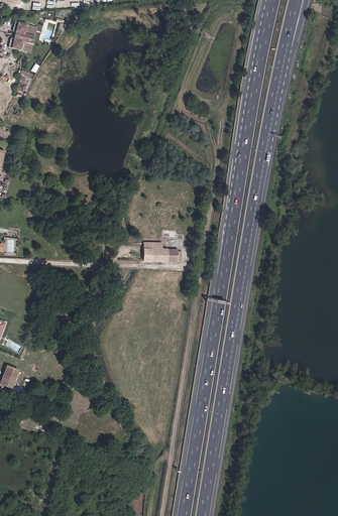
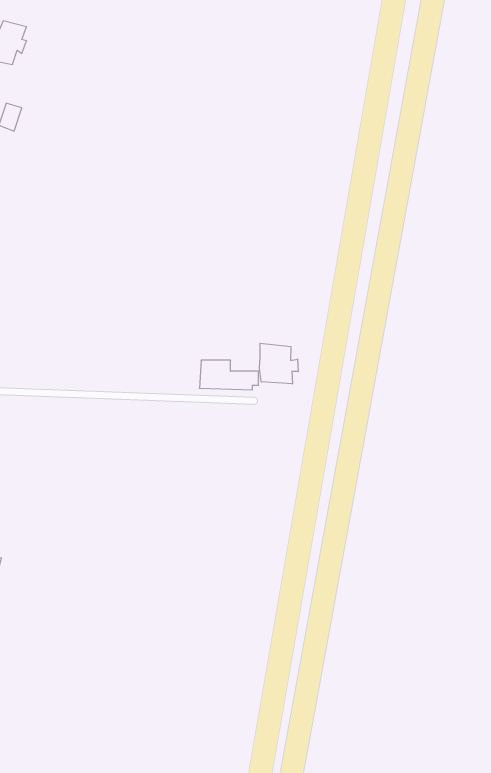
building: none -> [259,343,298,384]

